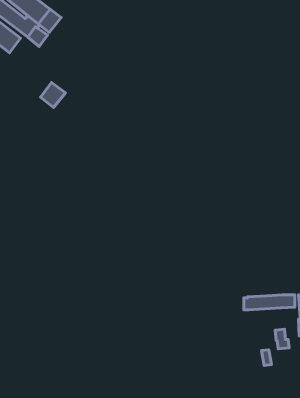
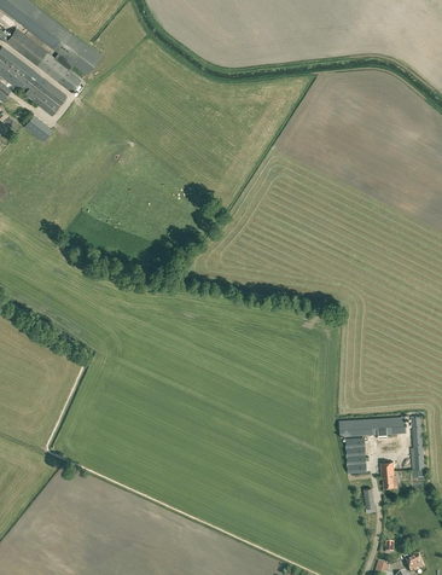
building: [40,82,65,108] -> [35,83,68,116]
building: none -> [347,438,368,475]

